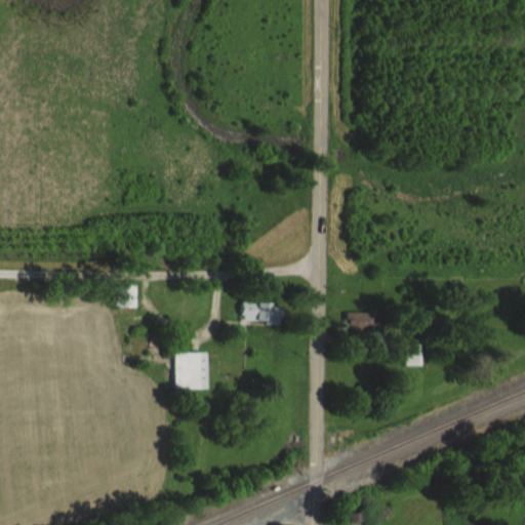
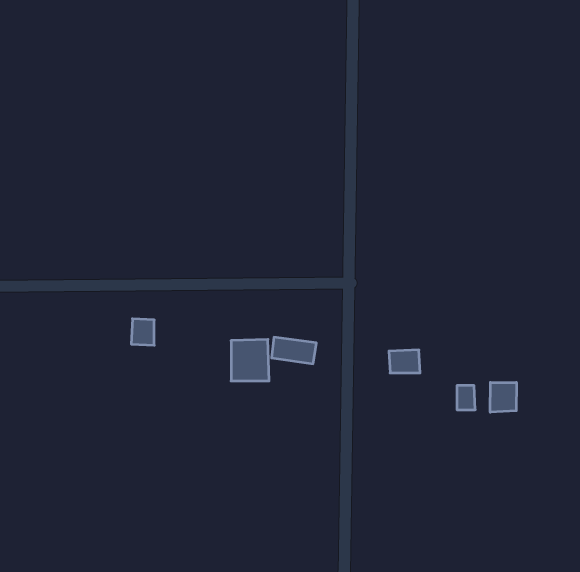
building: none -> [490,382,516,412]
building: [175,352,209,389] -> [231,339,269,381]

